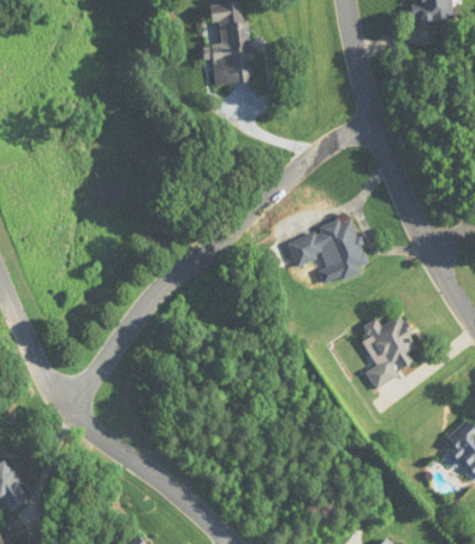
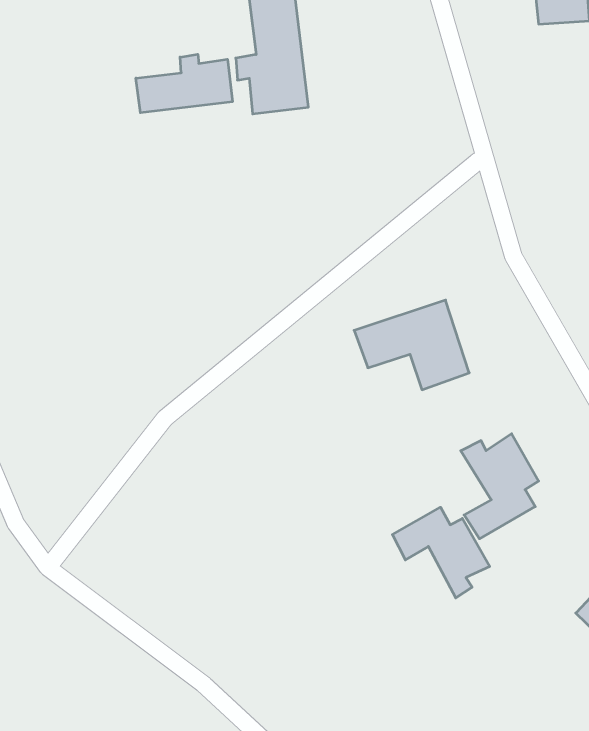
building: none -> [136,54,232,113]
building: none -> [392,507,490,598]

